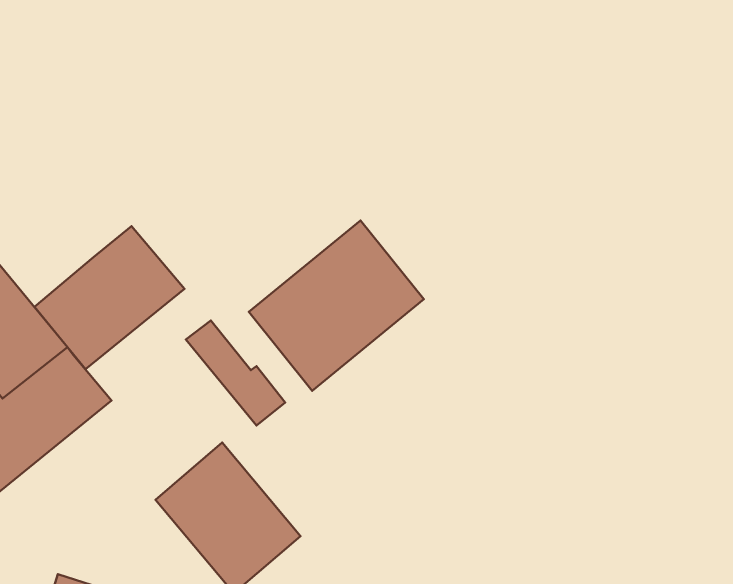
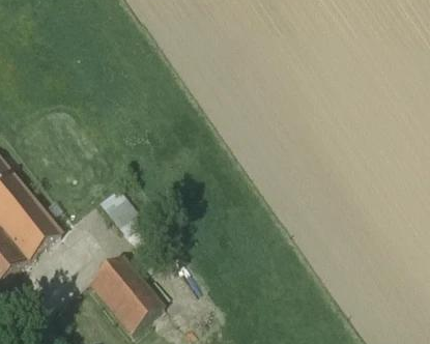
building: [249,220,424,391] -> none
building: [34,226,185,369] -> none

